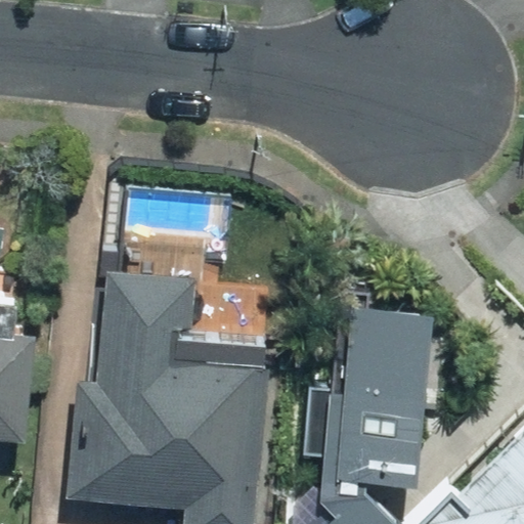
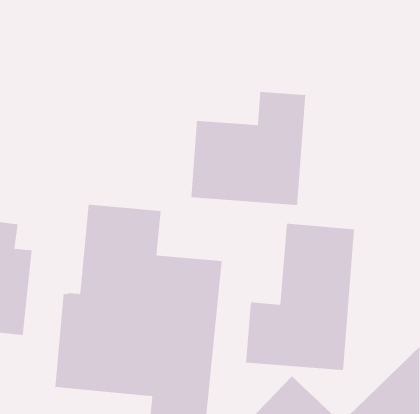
building: none -> [191,91,306,206]

